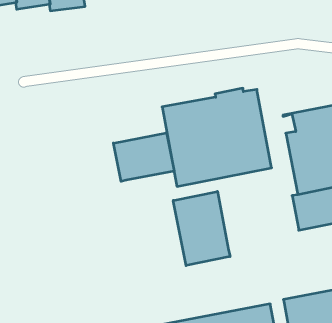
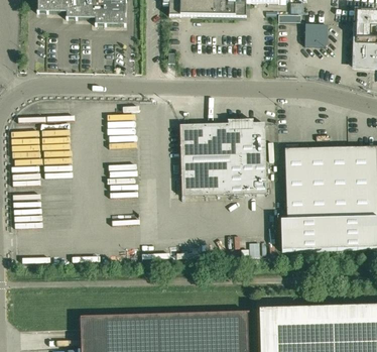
building: [113,133,174,181] -> none
building: [173,191,230,266] -> none

